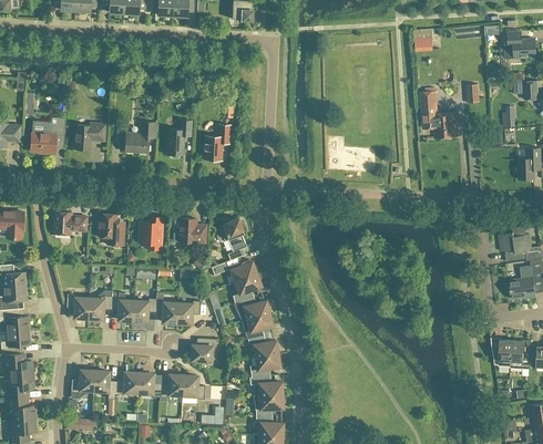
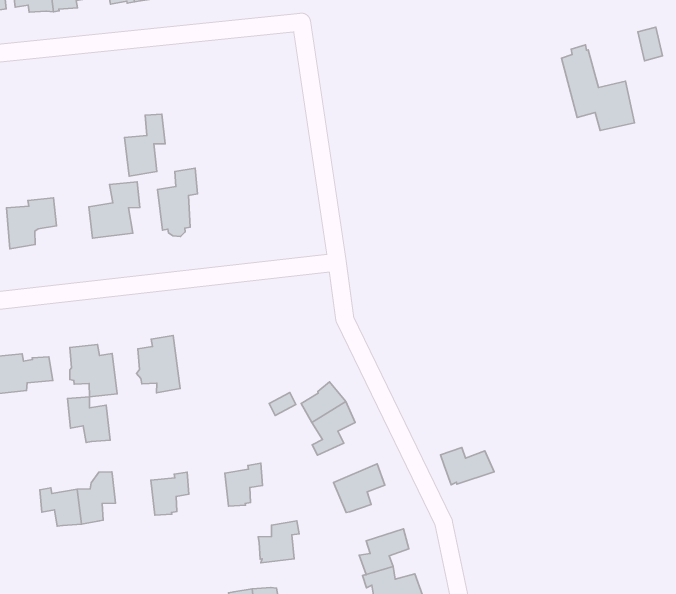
building: [204,124,229,158] -> [125,114,165,176]
building: [174,217,206,241] -> none
building: [221,217,245,259] -> none
building: [111,291,134,320] -> [67,397,110,442]
building: [155,291,178,322] -> none
building: [234,297,269,319] -> none
building: [248,335,278,357] -> [441,447,494,485]

